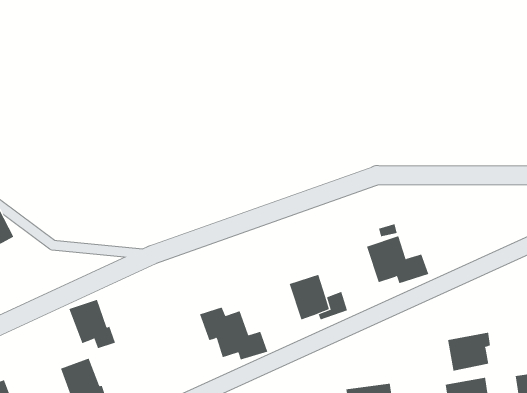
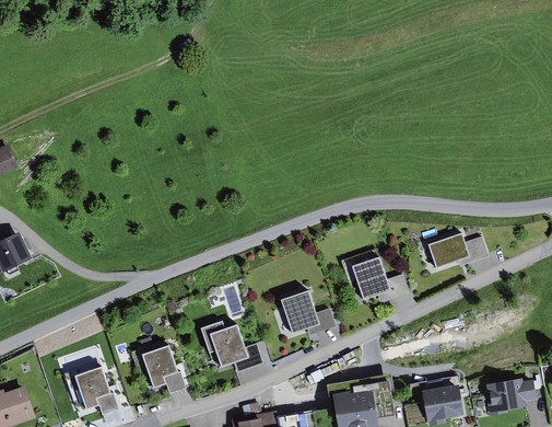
building: none -> [427,233,488,267]
building: [69,299,116,349] -> [141,347,184,392]
building: [448,332,491,371] -> none

